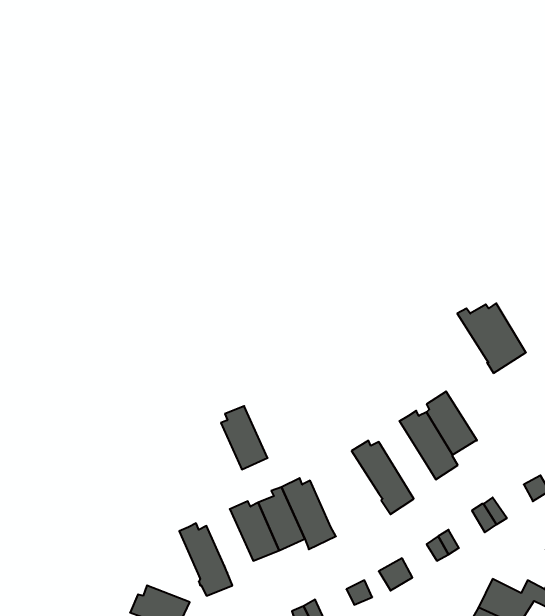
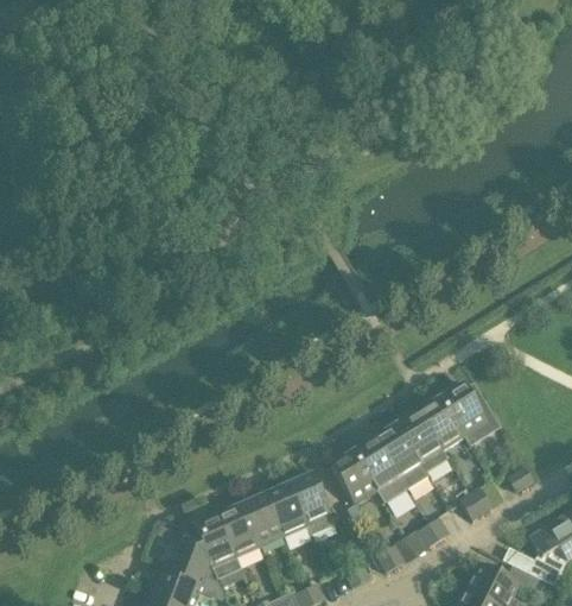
building: [457,303,526,373] -> [438,383,501,447]
building: [221,406,268,469] -> [218,500,261,558]
building: none -> [376,419,431,491]
building: none -> [331,447,380,506]
building: none -> [164,520,212,586]

